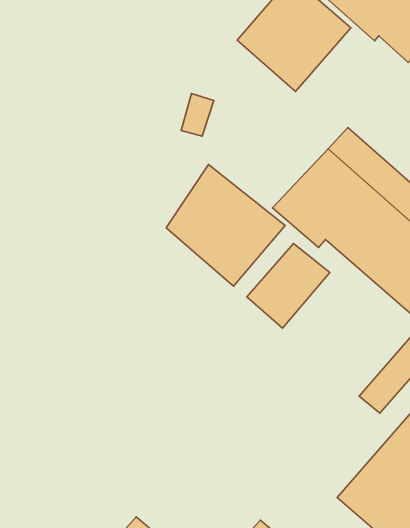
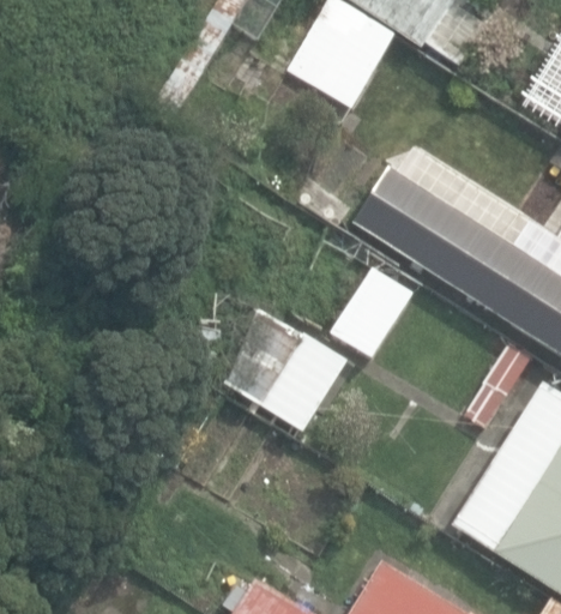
building: [166,165,285,286] -> [225,311,348,432]

